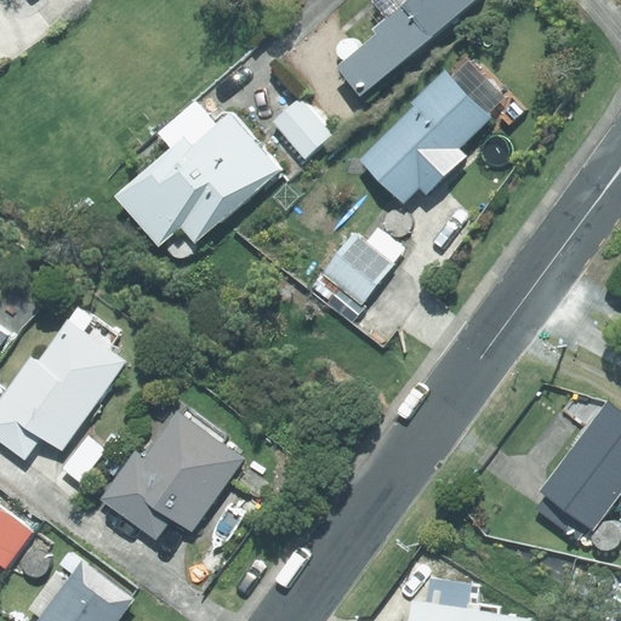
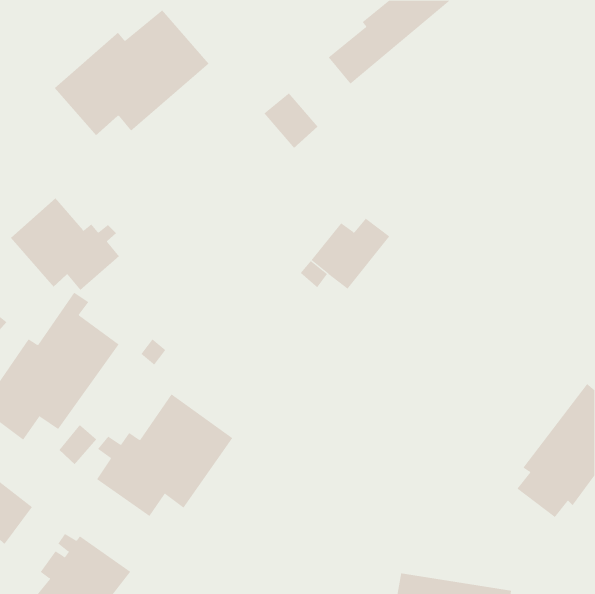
building: [361,70,492,201] -> none
building: [118,113,279,244] -> [54,10,209,136]
building: none -> [10,198,120,291]

